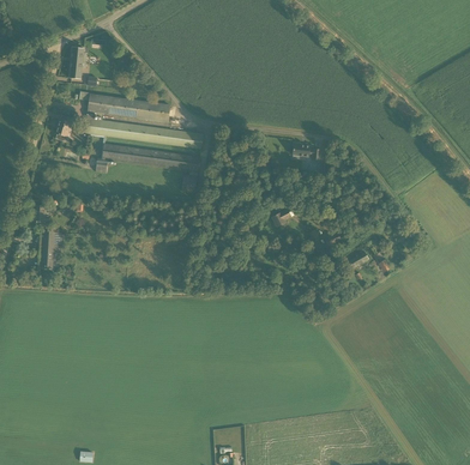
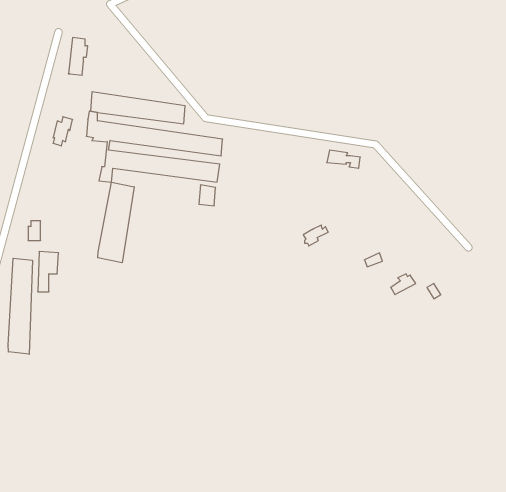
building: none -> [98,182,134,263]
building: none -> [8,258,32,354]

